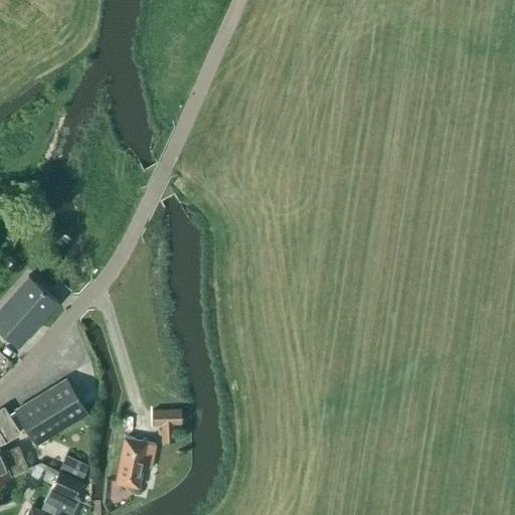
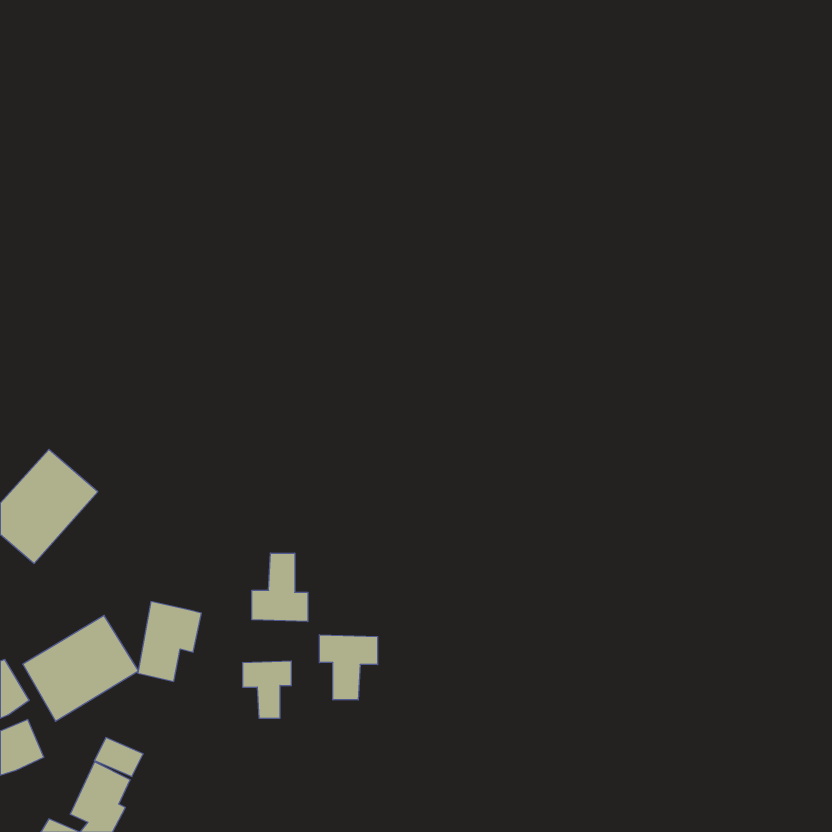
building: none -> [252,553,308,622]
building: none -> [319,635,378,700]
building: [115,439,154,488] -> [138,602,201,681]

